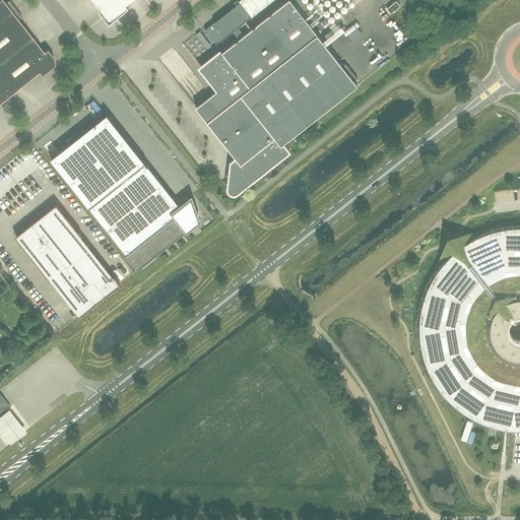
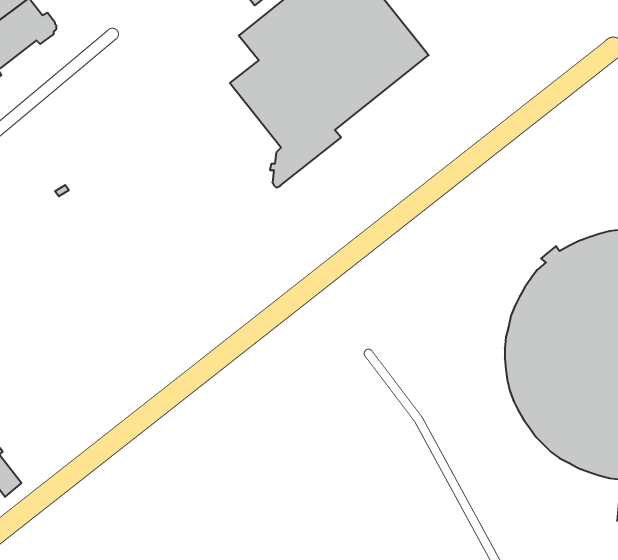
building: [51,117,198,271] -> none
building: [15,206,118,317] -> none

